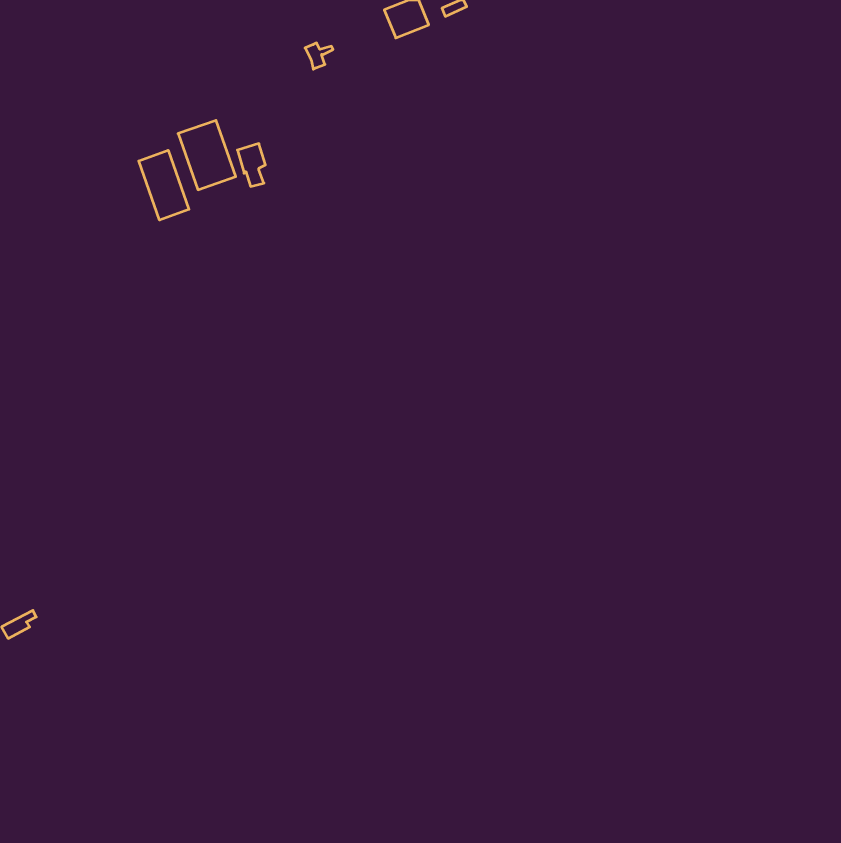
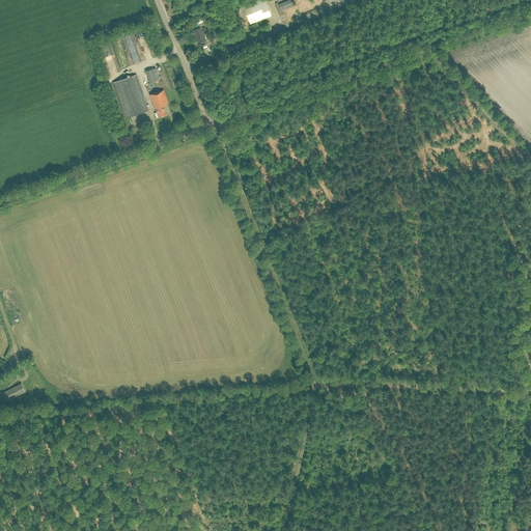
building: [139,150,189,220] -> none

